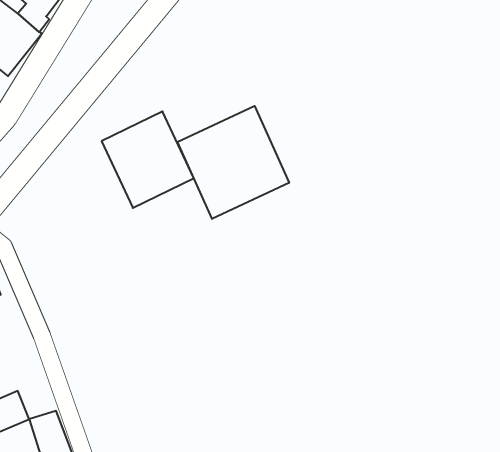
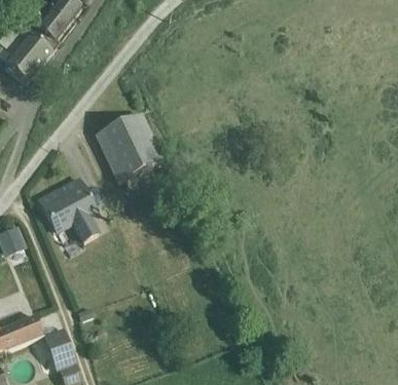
building: [177,106,289,219] -> none
building: none -> [38,177,100,240]

